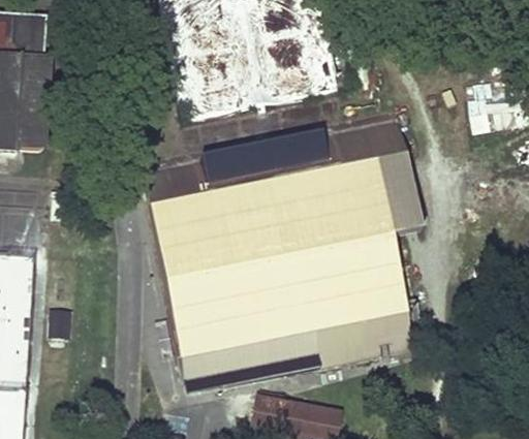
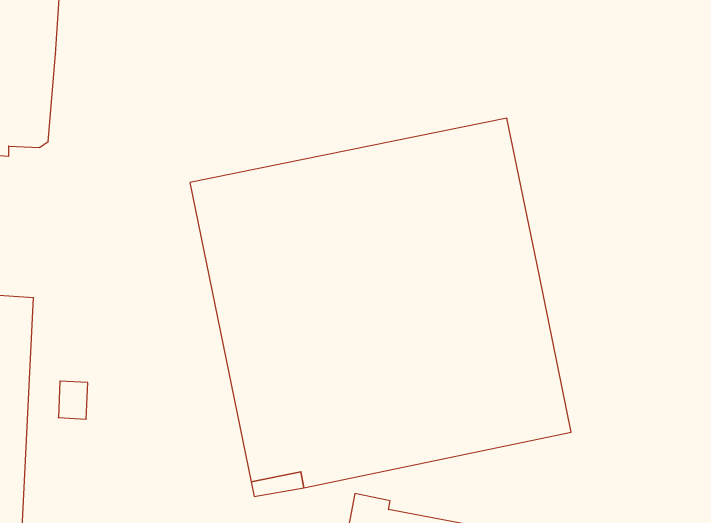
building: [367,120,418,237] -> none

